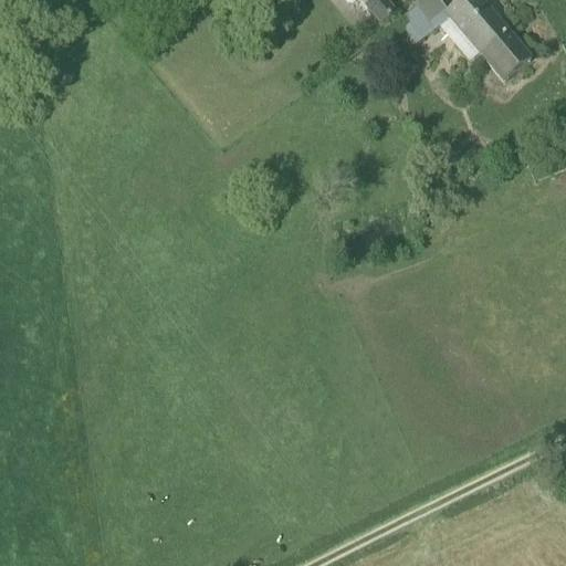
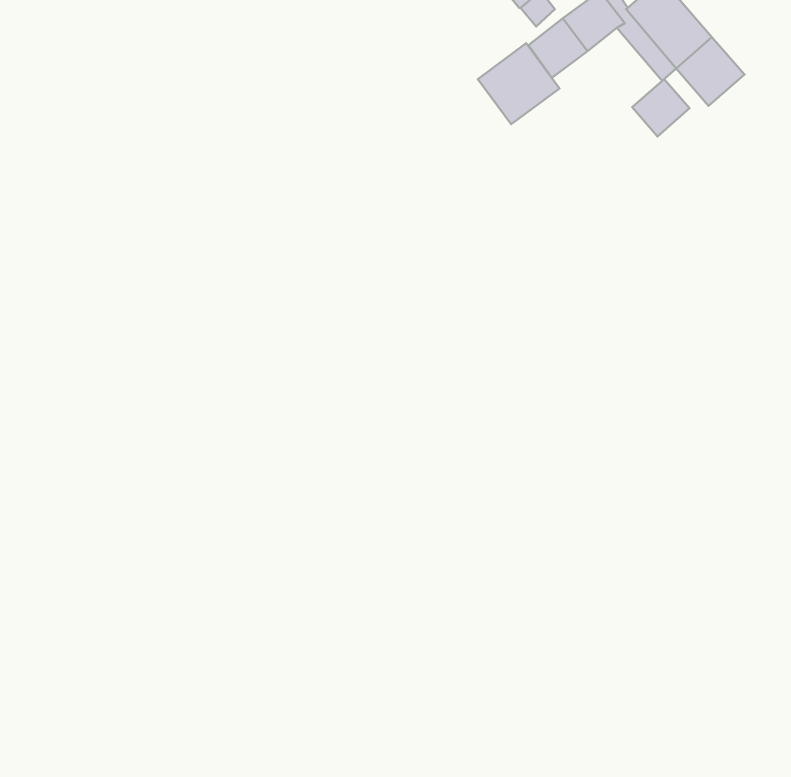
building: none -> [478,43,560,124]
building: none -> [632,79,690,136]

